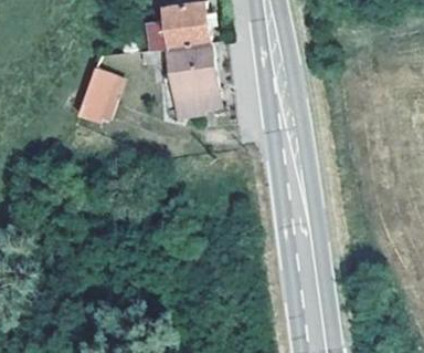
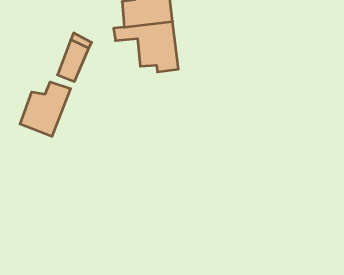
building: none -> [20,82,71,136]

